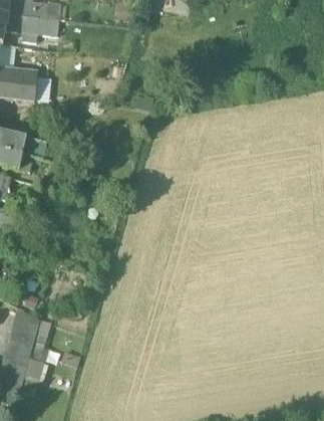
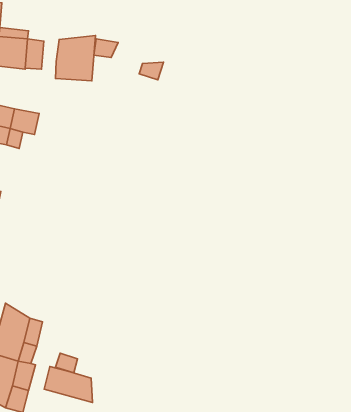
building: none -> [56,35,95,81]
building: none -> [44,367,92,402]

